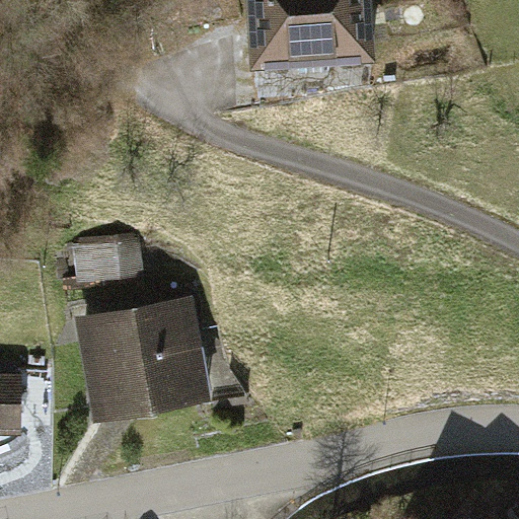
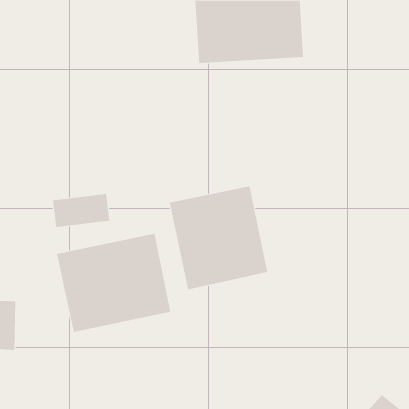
building: none -> [169,185,268,290]

